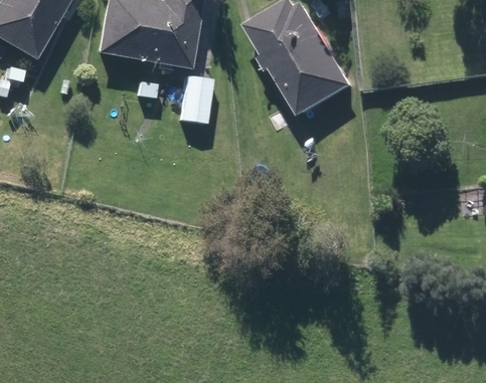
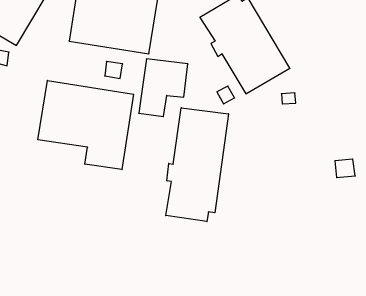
building: none -> [38,80,134,170]
building: none -> [166,108,228,222]

